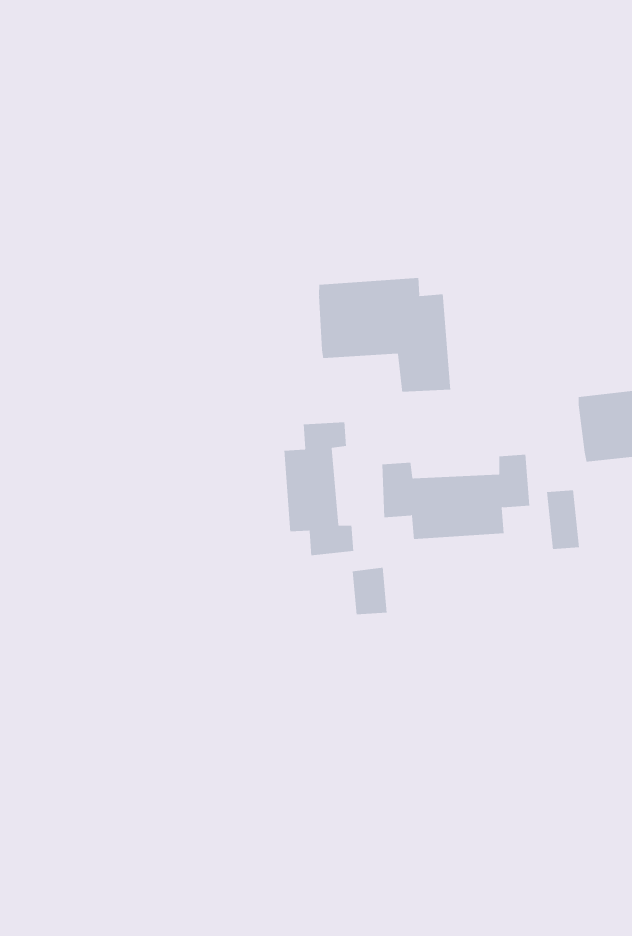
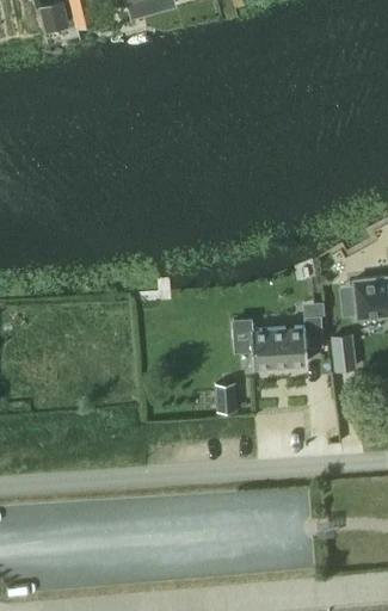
building: [319,277,451,392] -> none
building: [284,421,354,556] -> none

